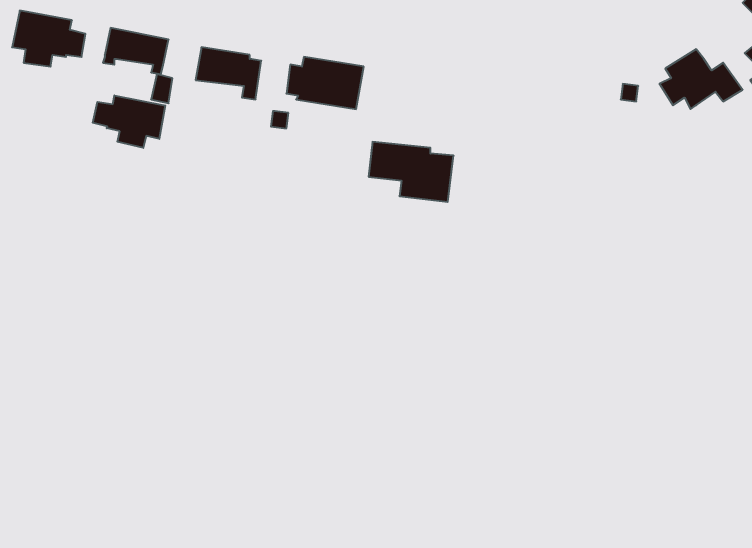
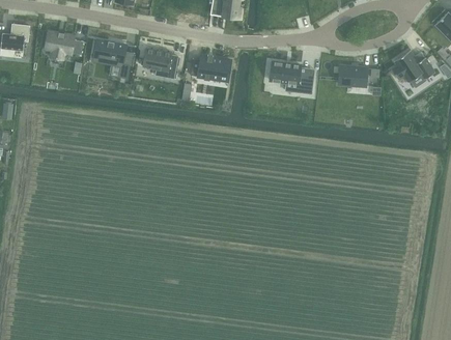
building: none -> [338,64,368,86]
building: [93,95,165,148] -> none
building: [369,142,454,202] -> [269,61,314,93]

